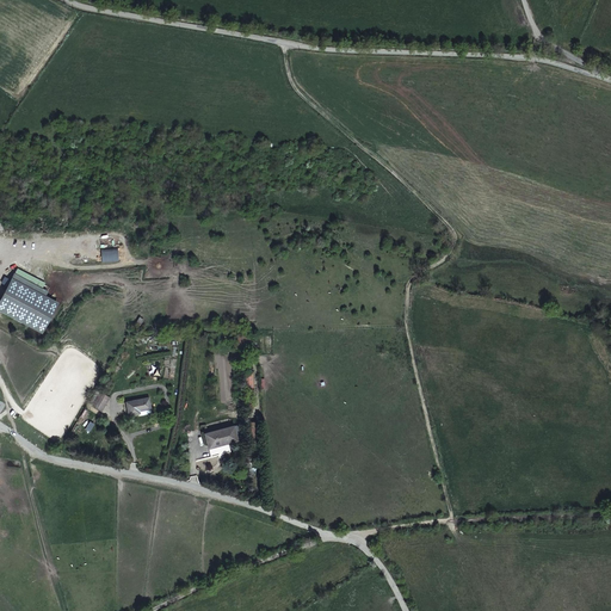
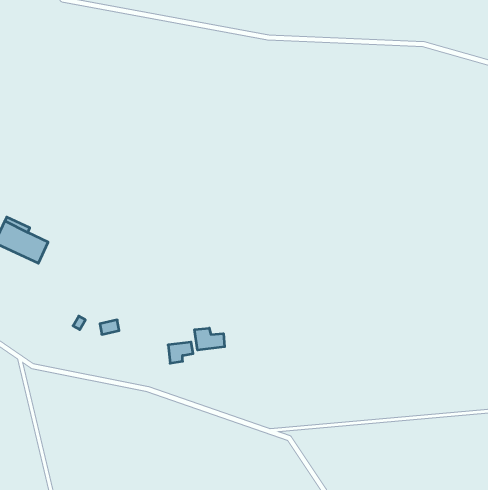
building: none -> [195,328,225,350]

